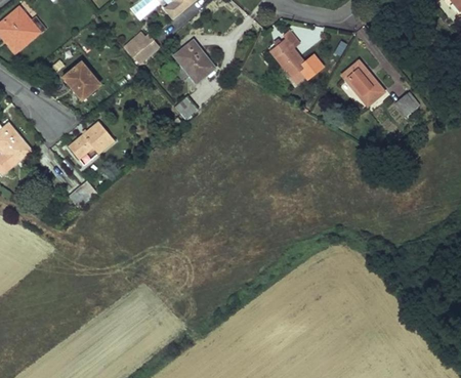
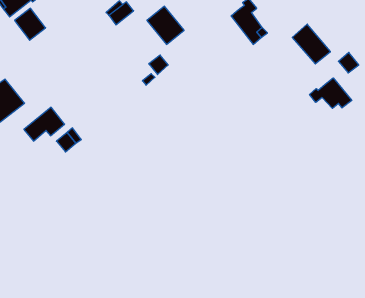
building: [64,62,99,99] -> [15,8,46,40]
building: [68,121,115,160] -> [24,107,65,141]
building: none -> [310,78,352,108]

